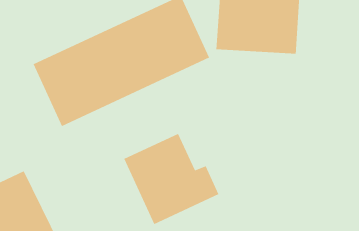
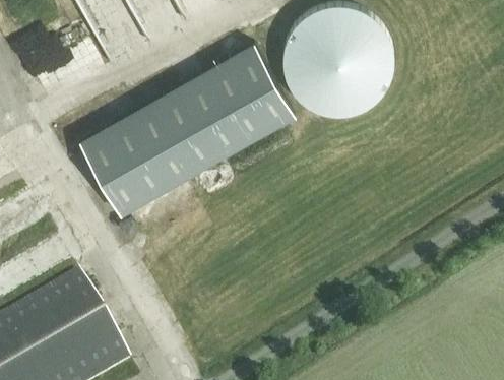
building: [123,133,220,225] -> none

